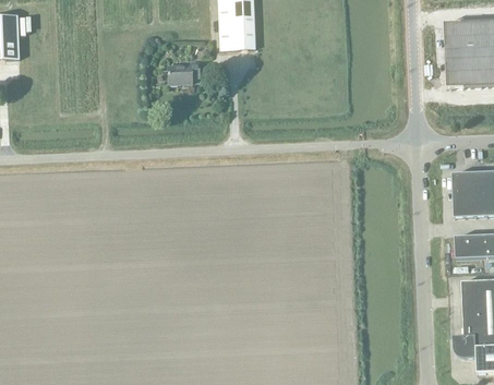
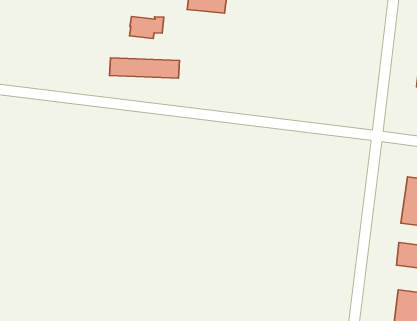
building: none -> [110,58,179,78]

